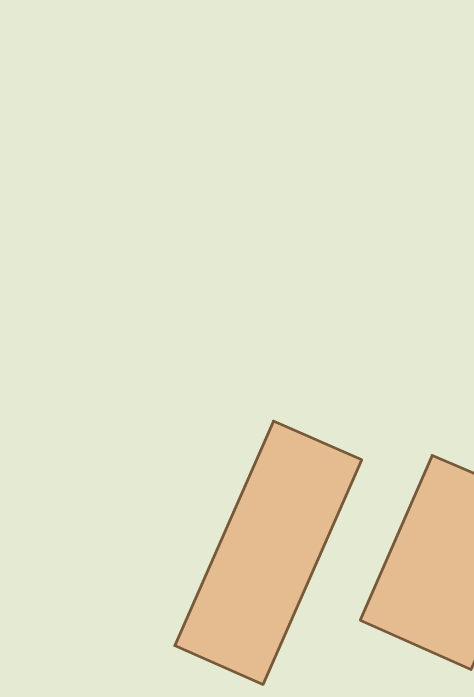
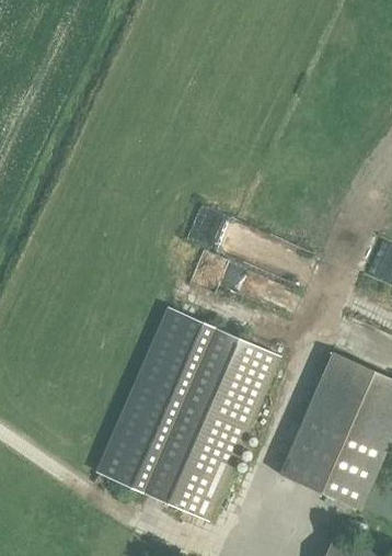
building: none -> [97,309,215,492]

